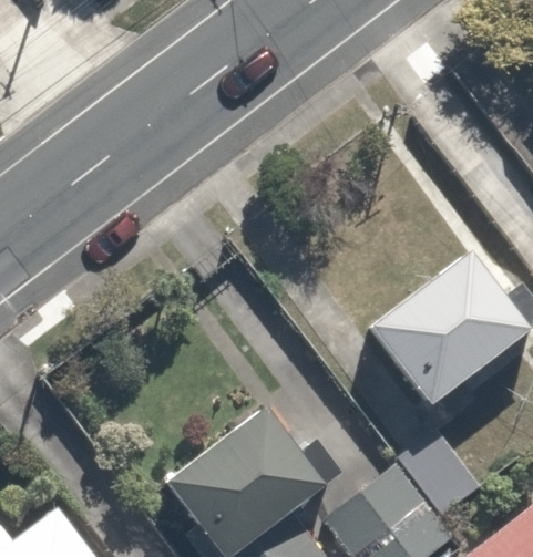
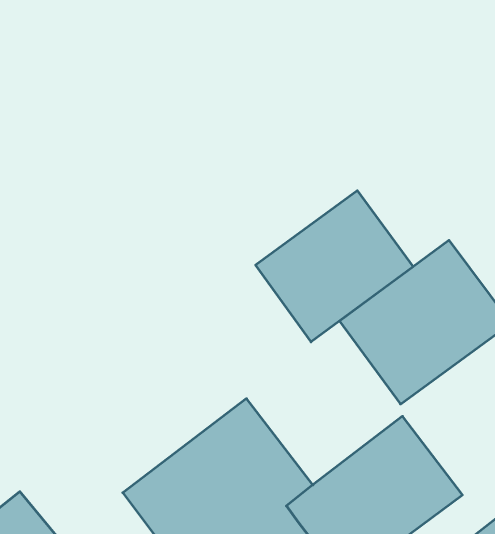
building: none -> [256,191,413,342]

